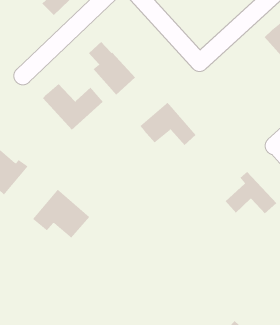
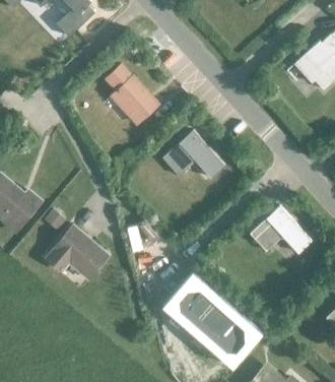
building: [42,83,103,130] -> none
building: none -> [179,285,254,356]

